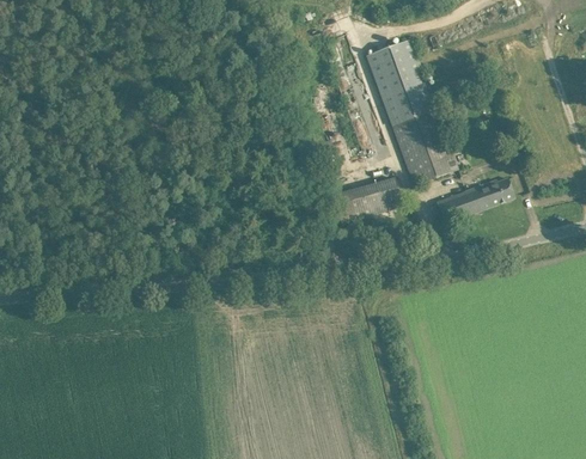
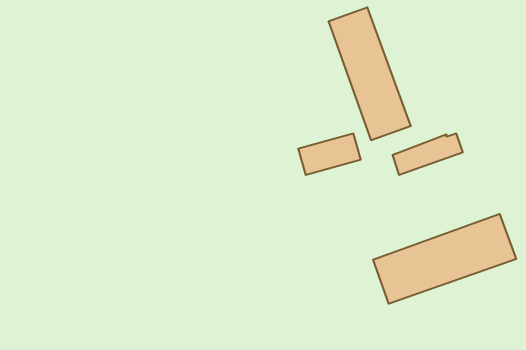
building: none -> [373,214,516,304]

